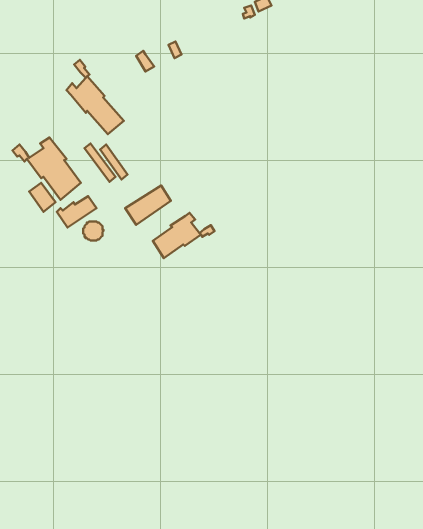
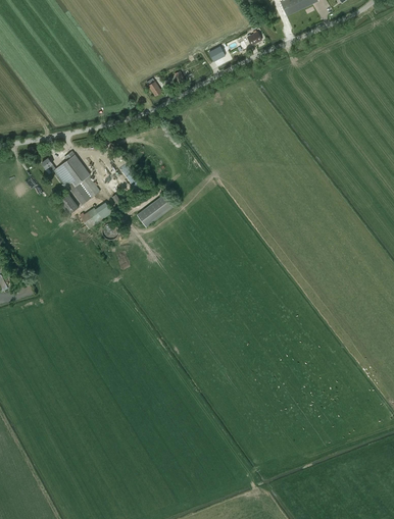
building: [66,60,124,134] -> none
building: [153,213,215,258] -> none

